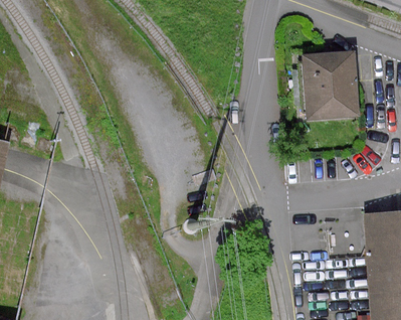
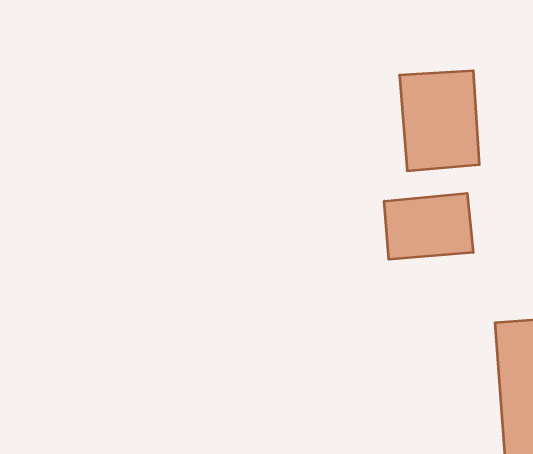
building: none -> [384,193,473,259]

